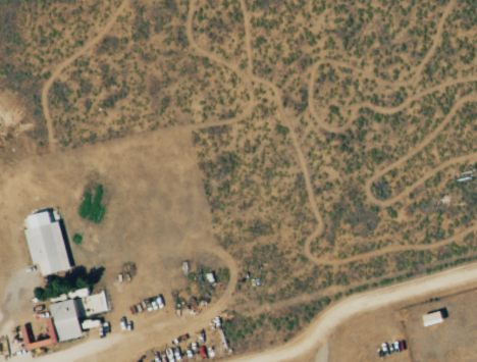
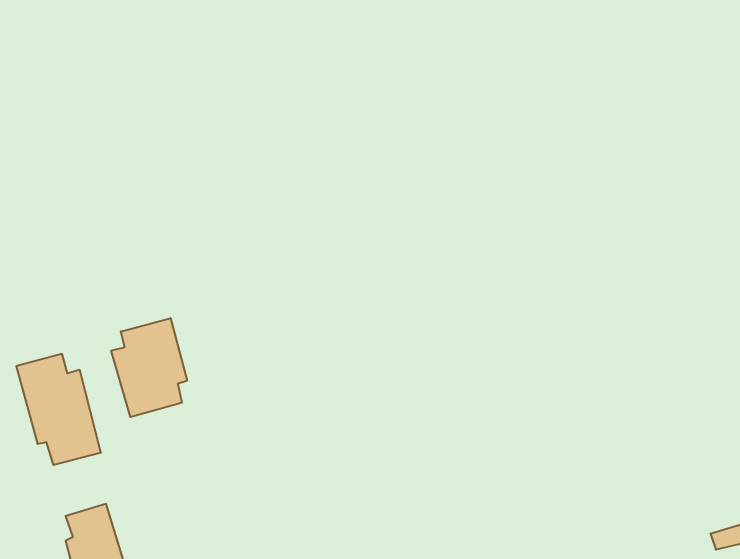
building: none -> [111,318,187,417]

